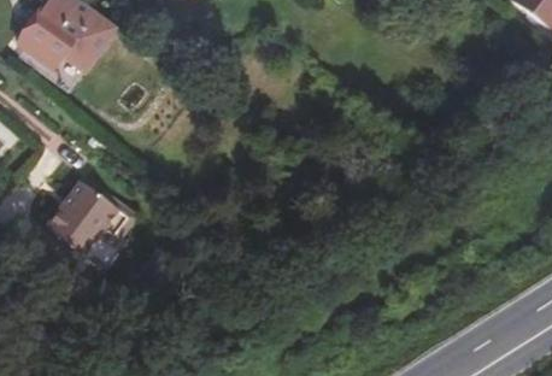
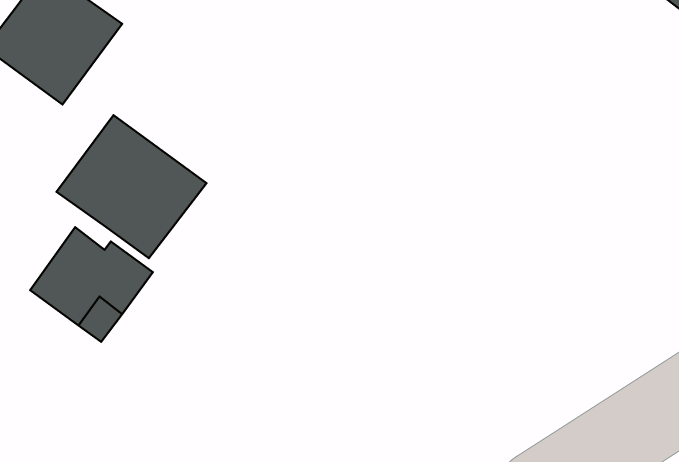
building: none -> [56,115,206,258]

